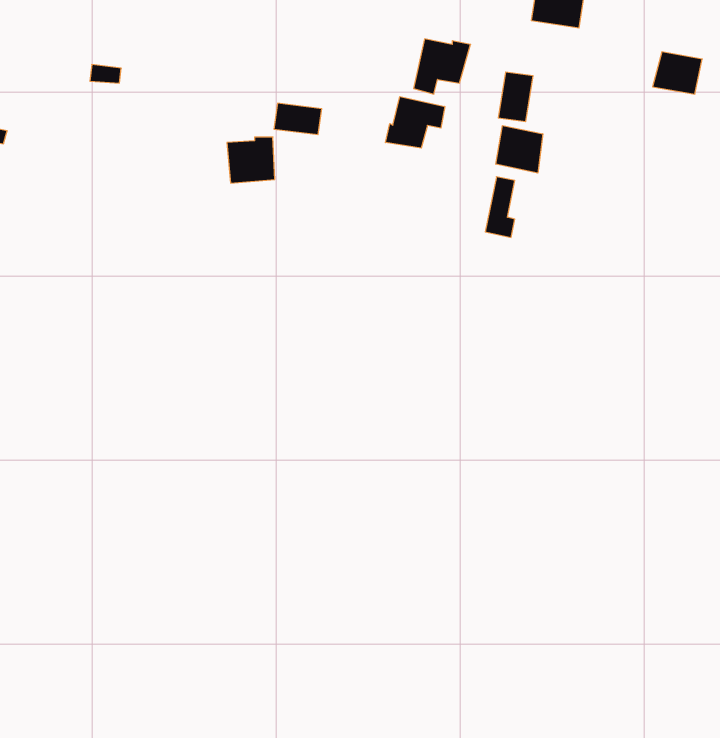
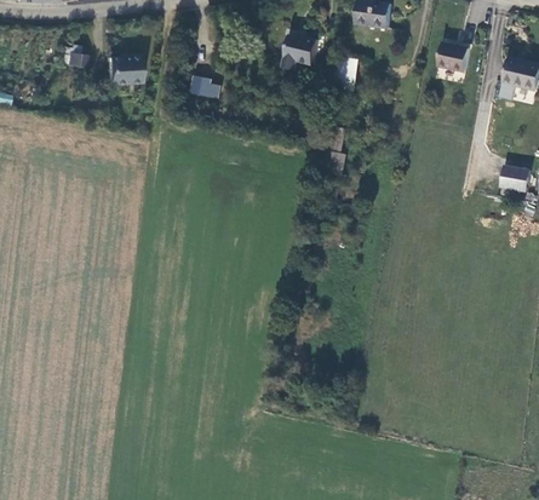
building: [385,97,445,148] -> none
building: [496,126,543,173] -> none
building: [227,137,275,183] -> [107,53,138,84]

